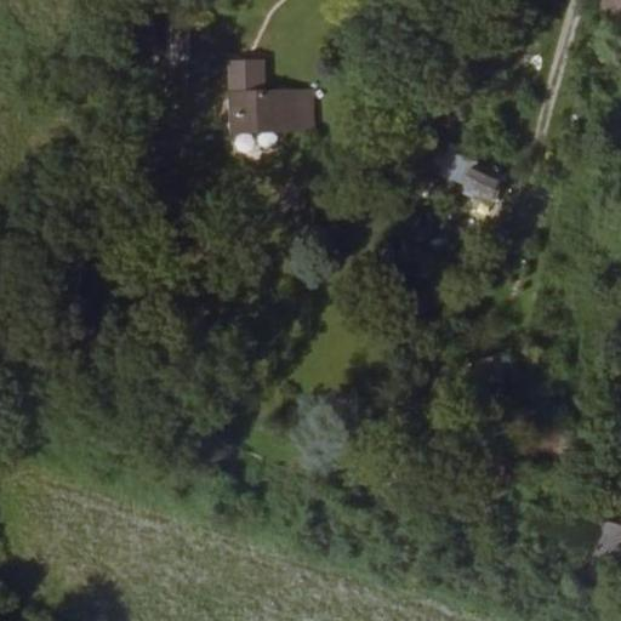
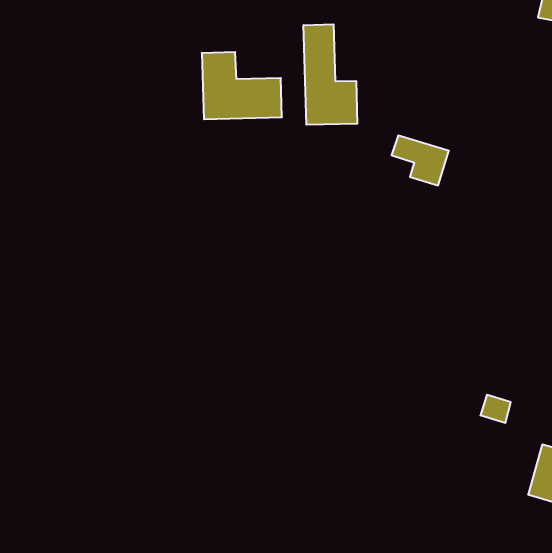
building: none -> [304,24,357,125]

